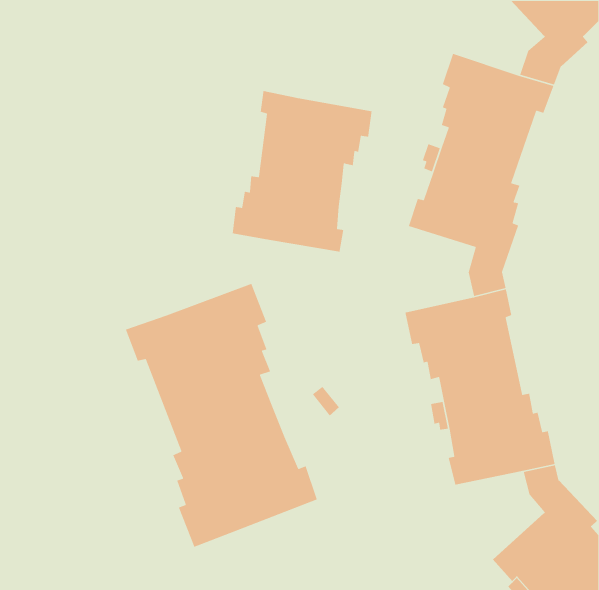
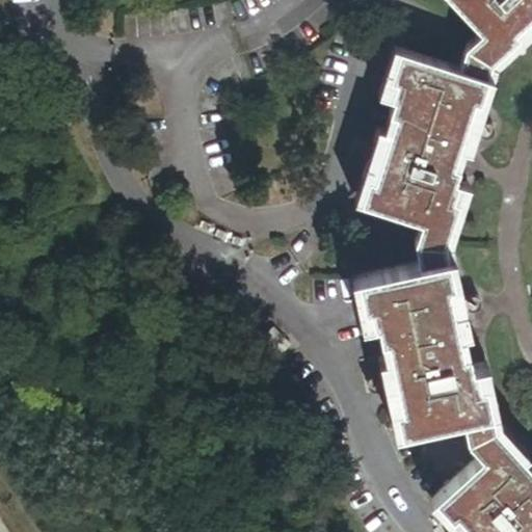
building: [232,90,372,253] -> none
building: [125,283,318,548] -> none

